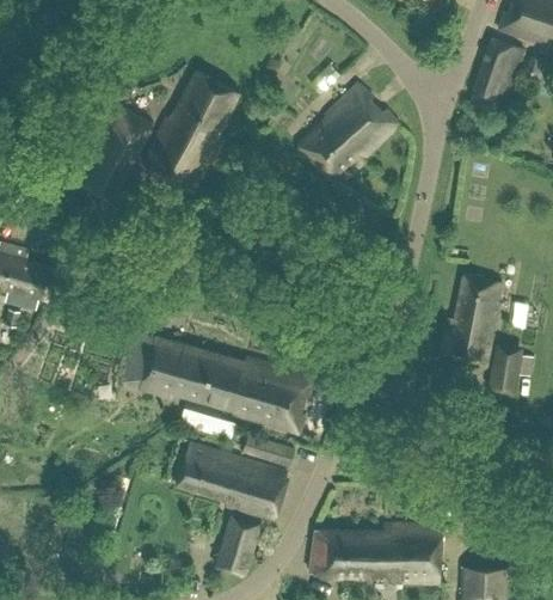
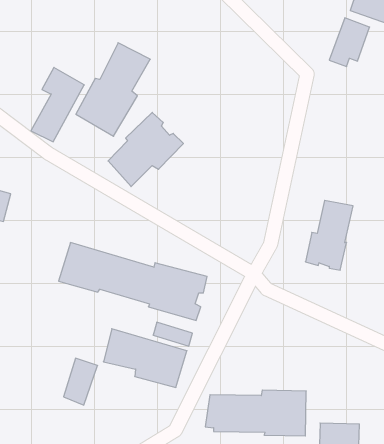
building: [301,82,399,179] -> [108,112,183,187]
building: [487,343,523,396] -> none
building: [216,514,260,575] -> [64,358,98,405]

